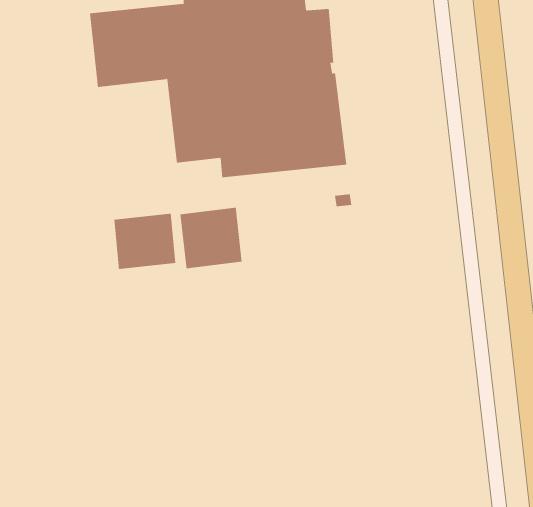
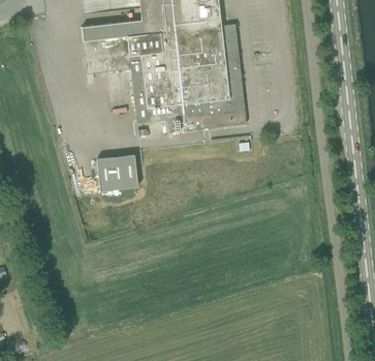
building: [180,207,242,269] -> none

